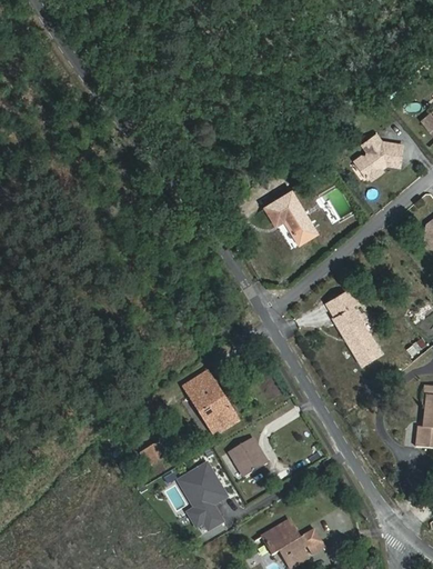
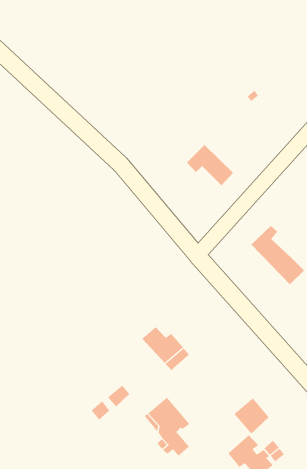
building: [356,134,402,178] -> none
building: [183,370,222,397] -> none
building: [229,436,268,476] -> [233,398,270,435]

